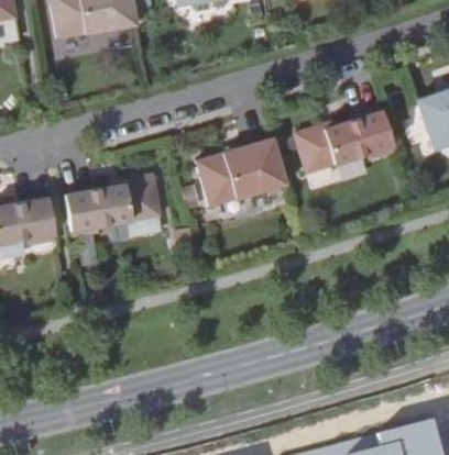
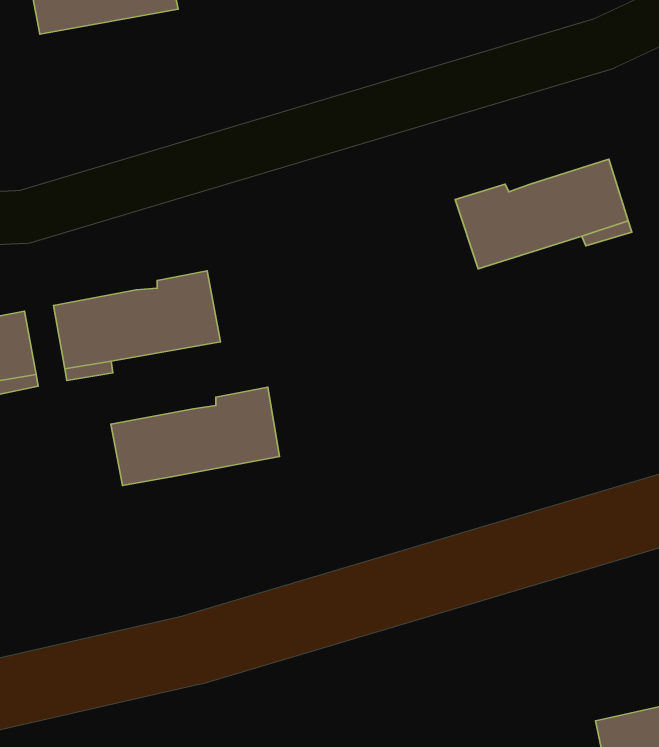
building: [196,137,287,207] -> none
building: none -> [111,387,280,485]

